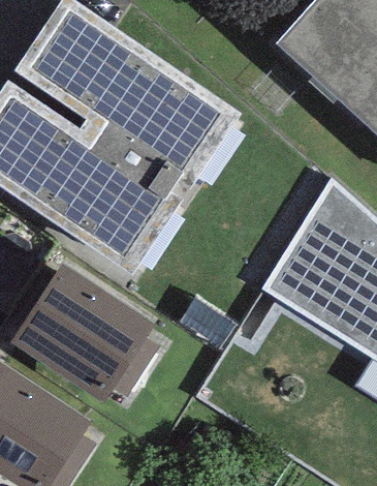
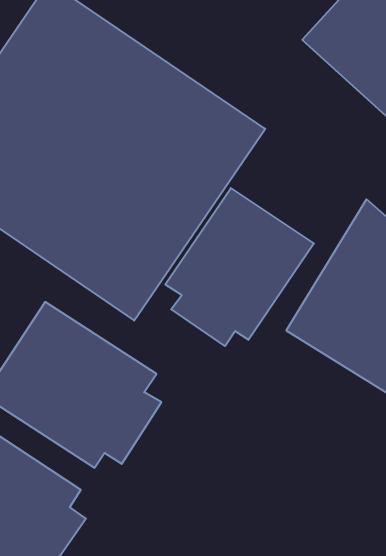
building: none -> [165,188,314,346]

